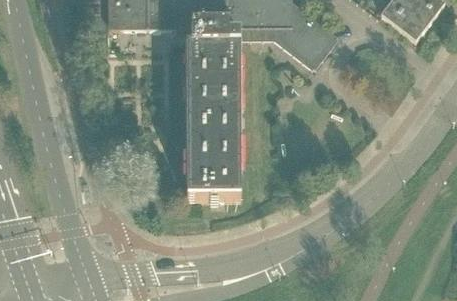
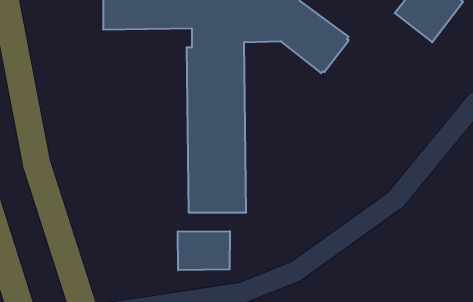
building: none -> [178,231,230,270]

